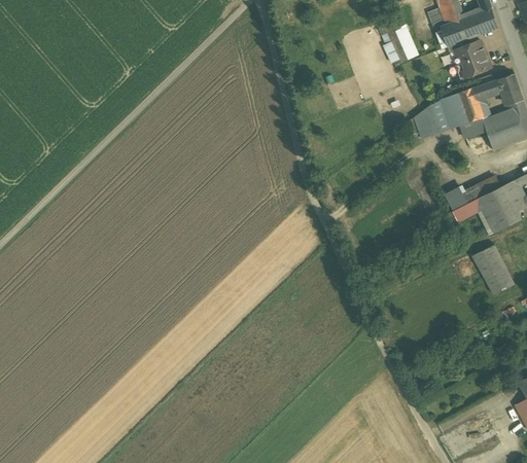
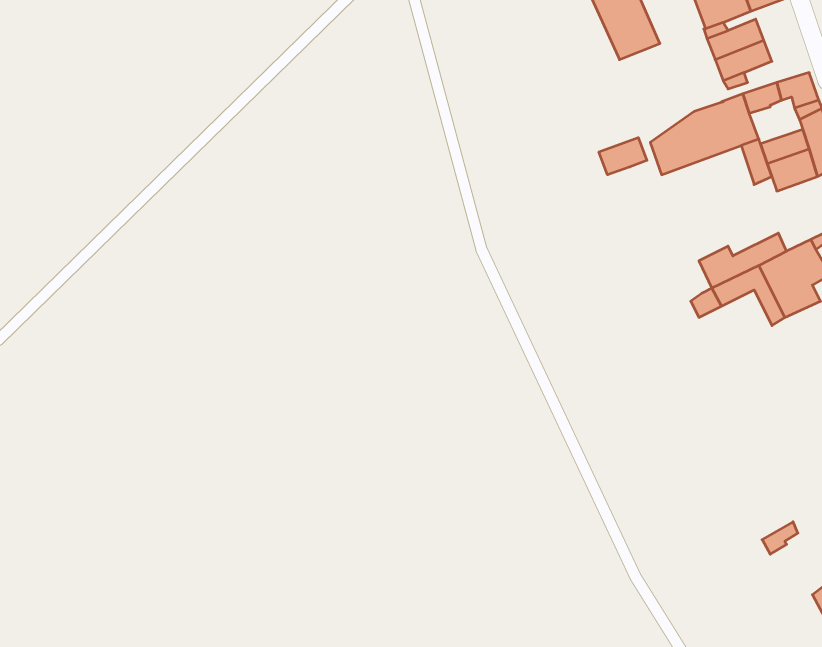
building: none -> [599,138,647,175]
building: [473,245,516,295] -> none

